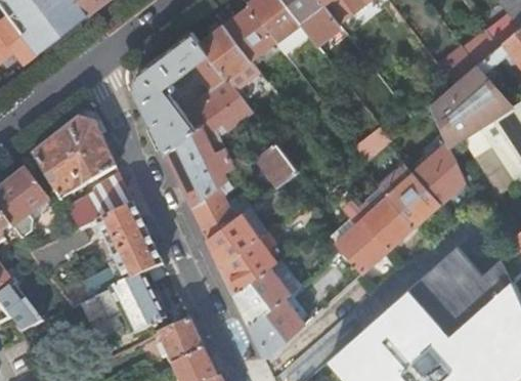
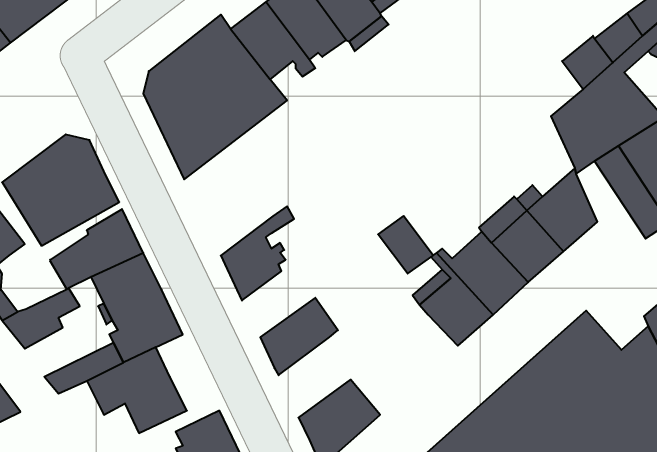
building: [165,95,252,208] -> none
building: [258,144,298,186] -> [378,216,433,274]
building: [207,214,260,267] -> none
building: [233,267,291,326] -> none

